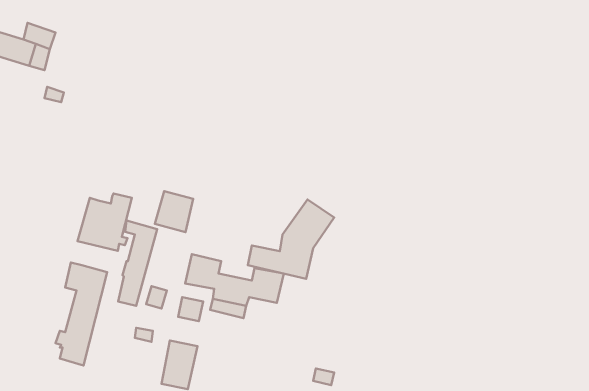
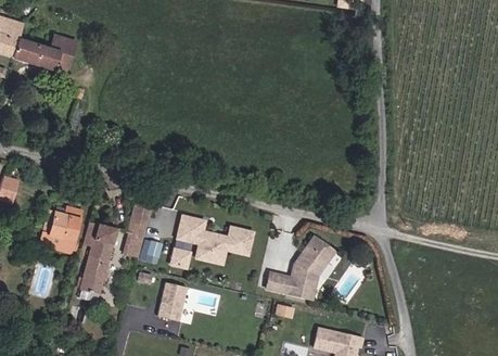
building: [155,191,193,232] -> none
building: [77,194,132,251] -> [39,207,81,252]
building: [248,200,334,279] -> [267,237,334,298]

